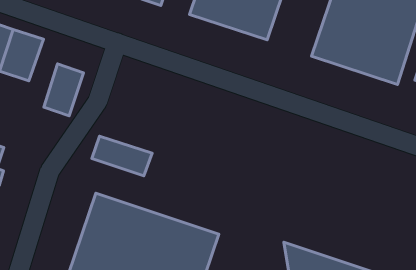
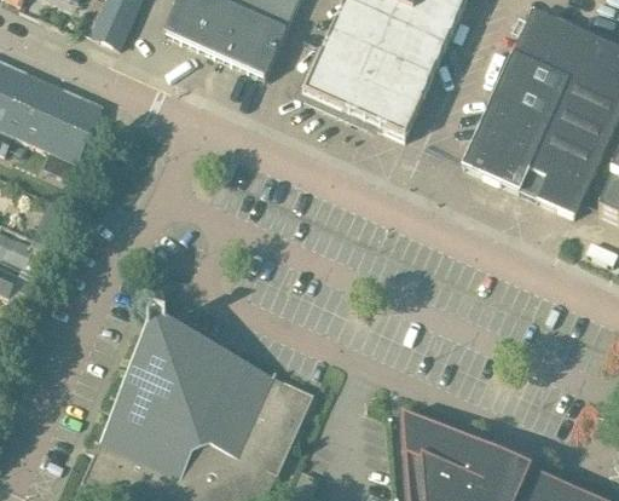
building: [44,64,83,116] -> none
building: [92,136,152,176] -> none

